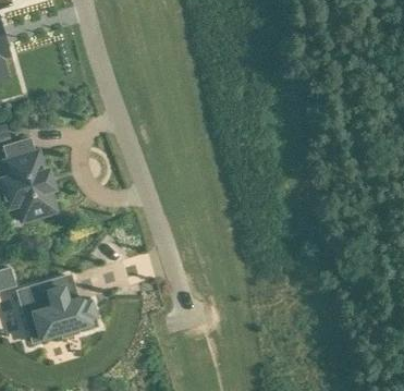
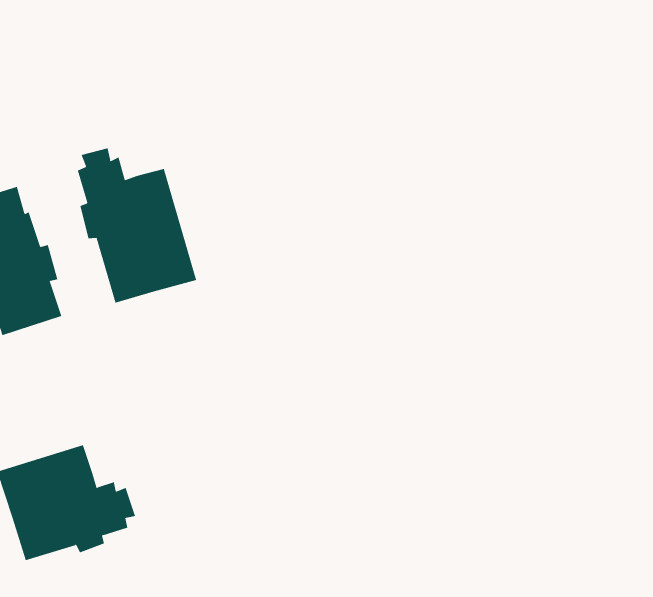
building: none -> [77,147,197,304]

